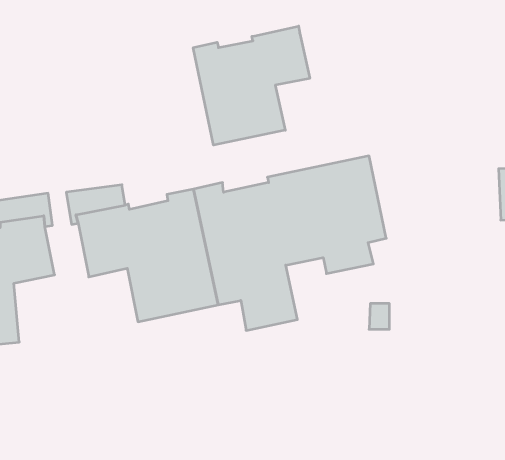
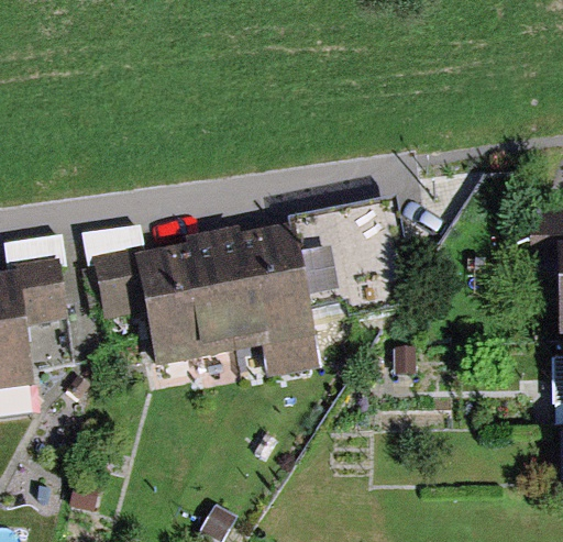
building: [193,26,310,145] -> none

